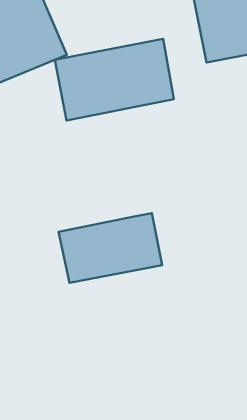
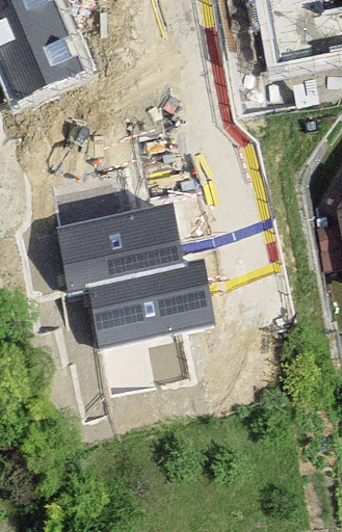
building: [55,39,174,121] -> none
building: none -> [57,203,181,288]

